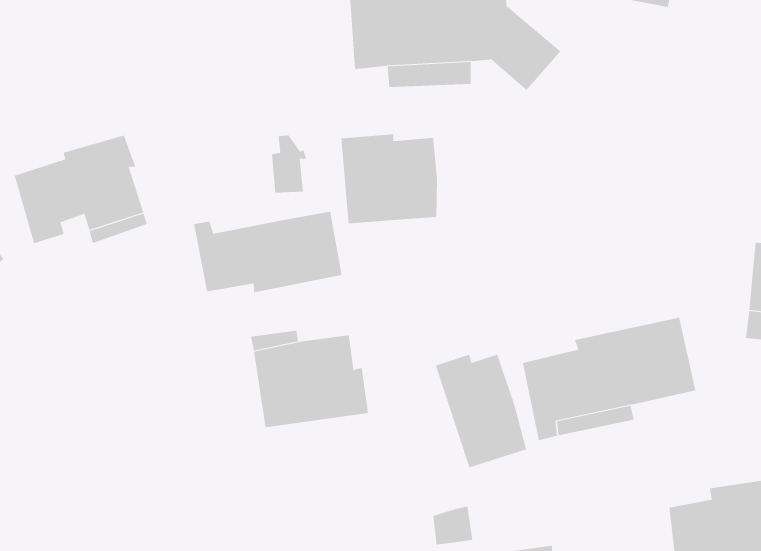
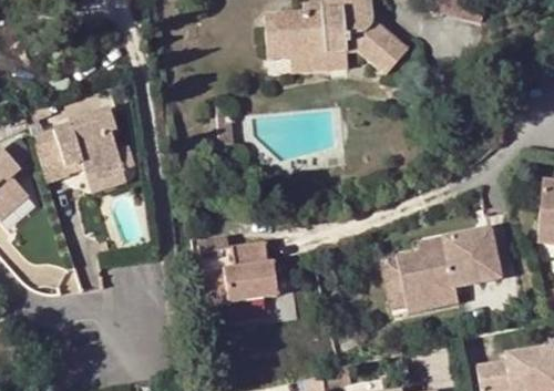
building: [341,134,438,224] -> none
building: [193,211,342,293] -> none
building: [435,354,527,468] -> none

